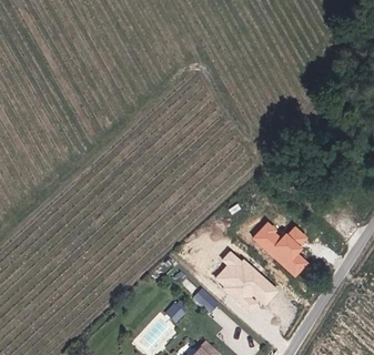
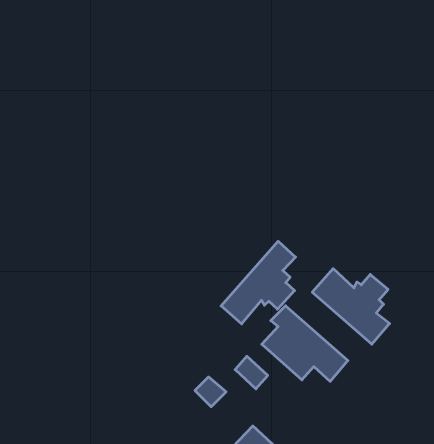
building: none -> [221,241,296,324]

